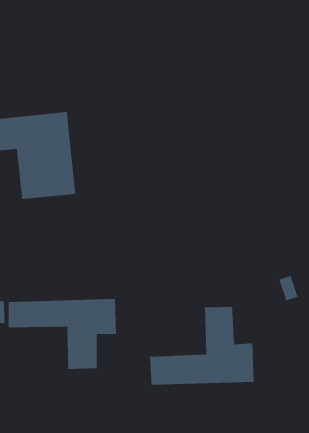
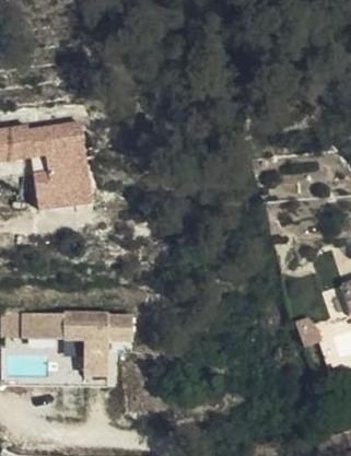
building: [149,306,254,386] -> none

